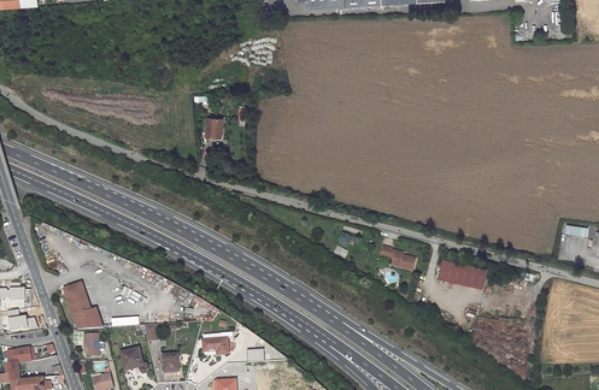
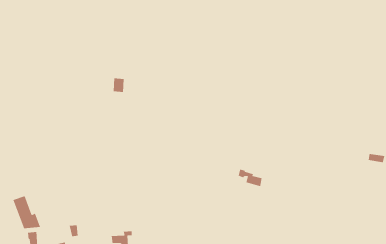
building: [439,259,487,288] -> none

